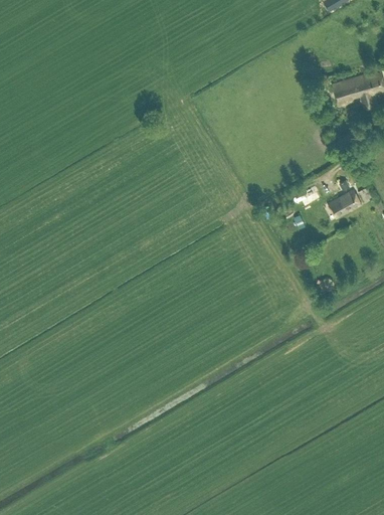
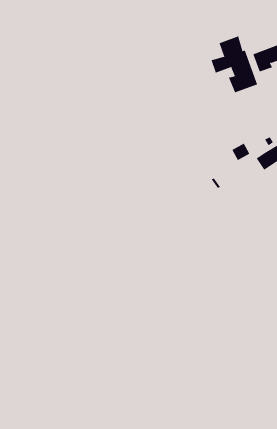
building: none -> [211,35,258,93]

